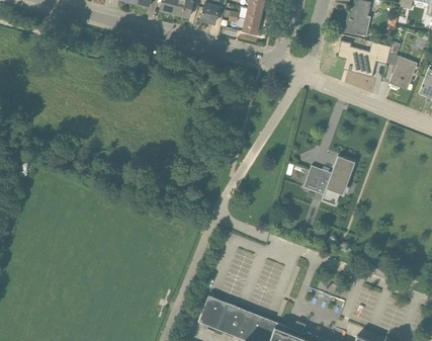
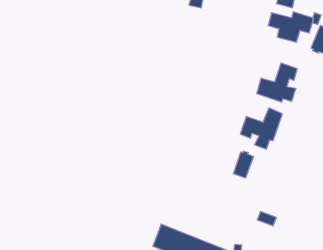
building: none -> [257,63,297,102]
building: none -> [233,151,253,178]

